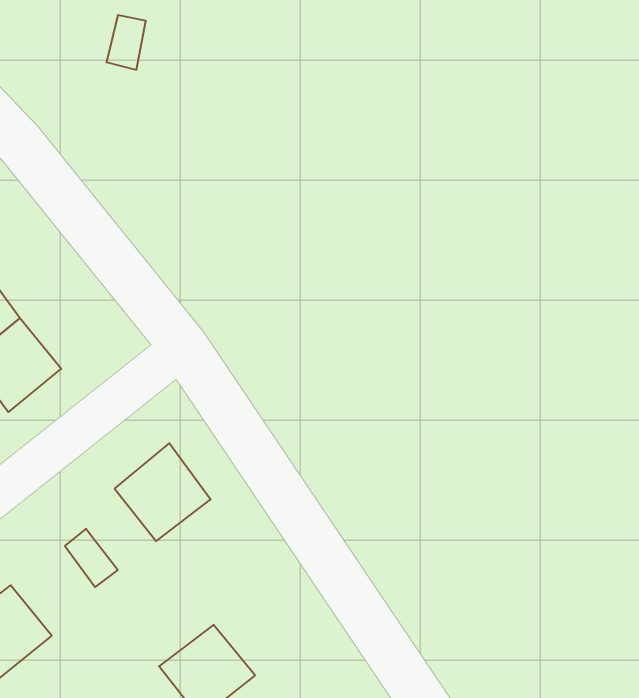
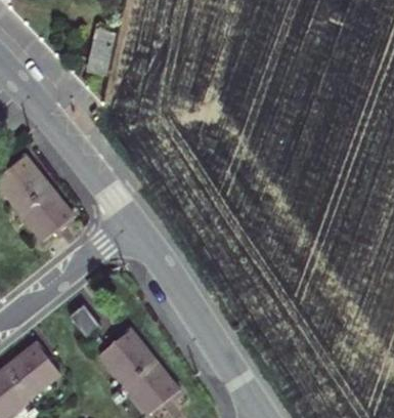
building: [115,443,211,541] -> [100,329,152,382]

